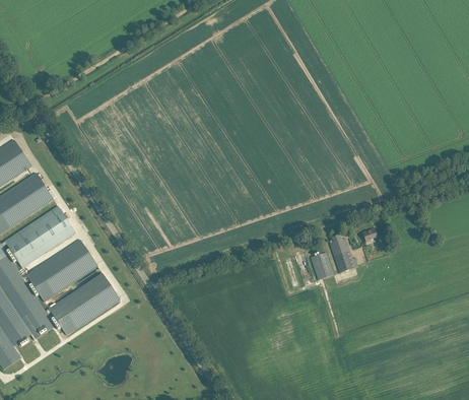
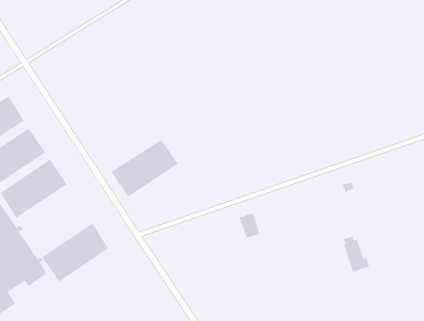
building: [329,234,357,273] -> [343,235,370,273]
building: [25,240,97,302] -> [110,139,179,198]
building: [310,252,333,279] -> [239,212,261,238]

